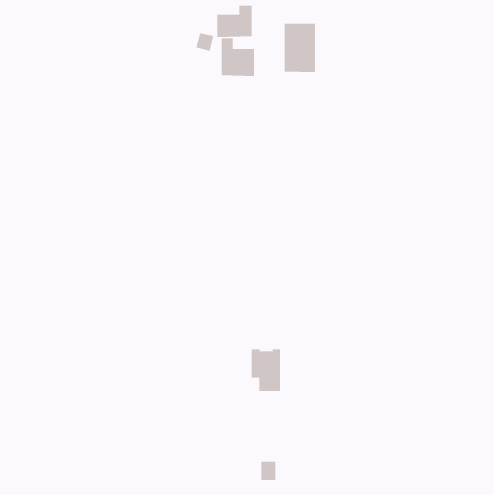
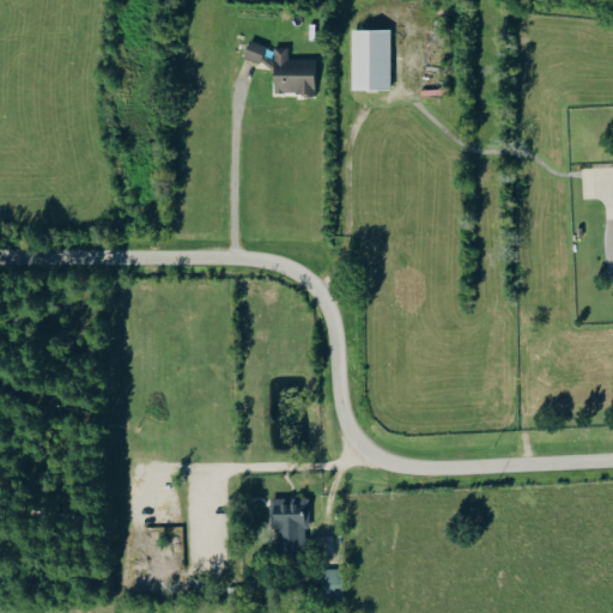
building: [217,5,252,38] -> none
building: [251,349,281,392] -> [269,499,306,552]

